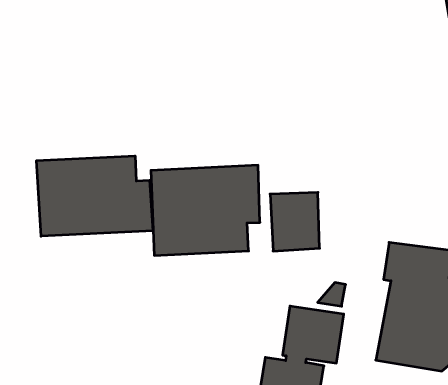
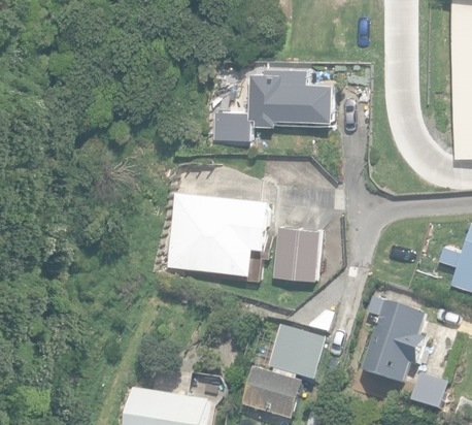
building: none -> [248,69,335,127]
building: [37,156,153,236] -> none

